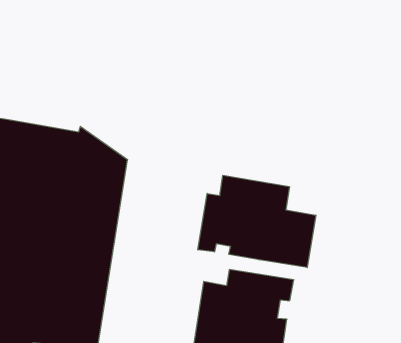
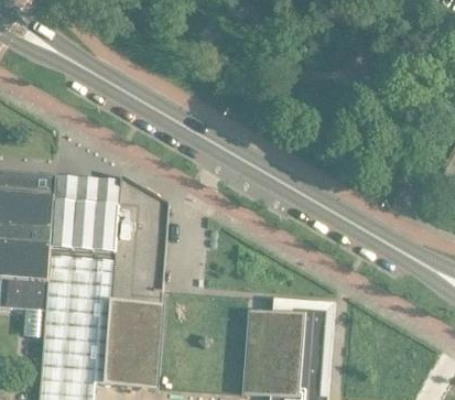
building: [198,175,316,268] -> none

